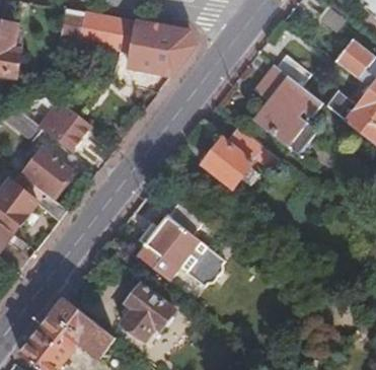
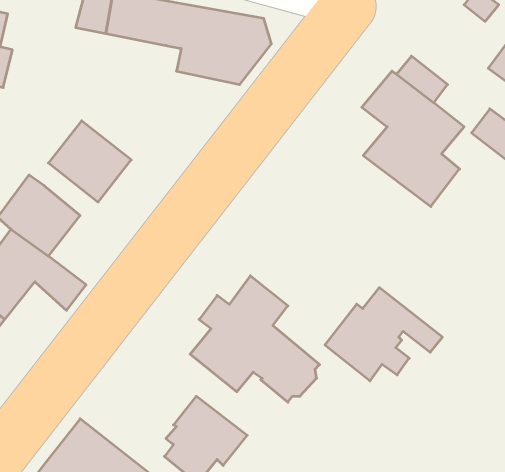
building: [202,128,281,191] -> [325,288,442,381]

